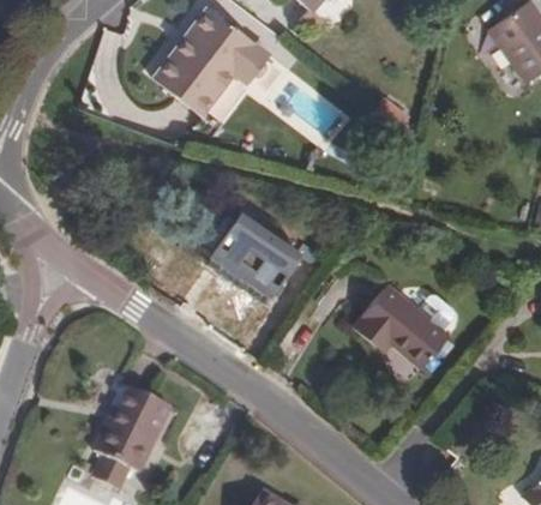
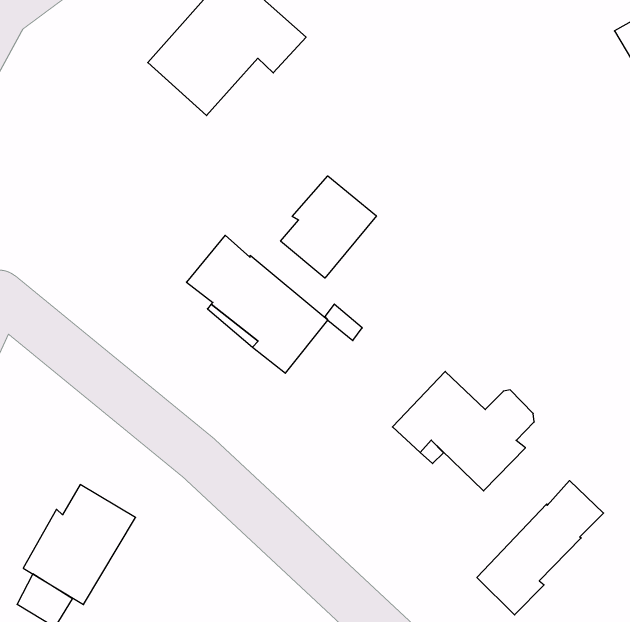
building: none -> [281,176,376,278]
building: none -> [477,481,604,615]

